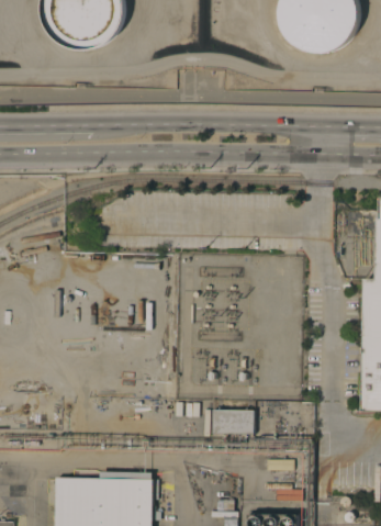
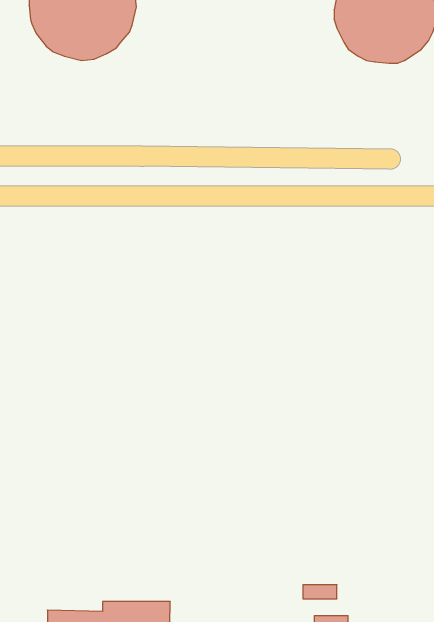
building: [213,410,255,434] -> none

